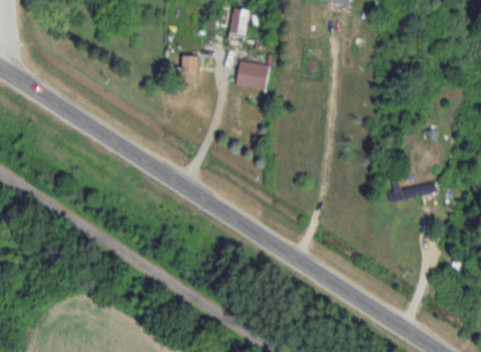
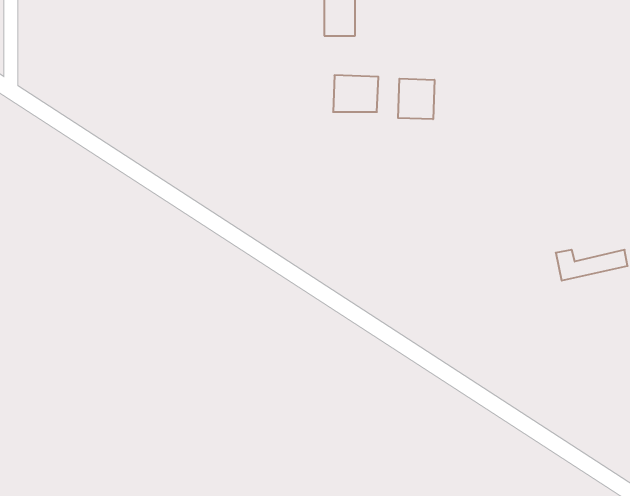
building: [179,55,199,74] -> none
building: none -> [398,79,434,119]

